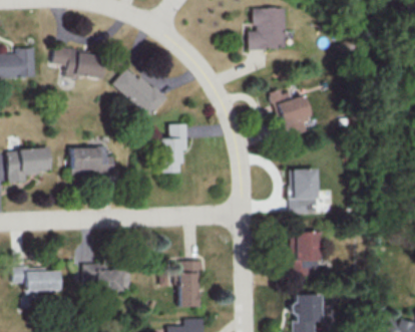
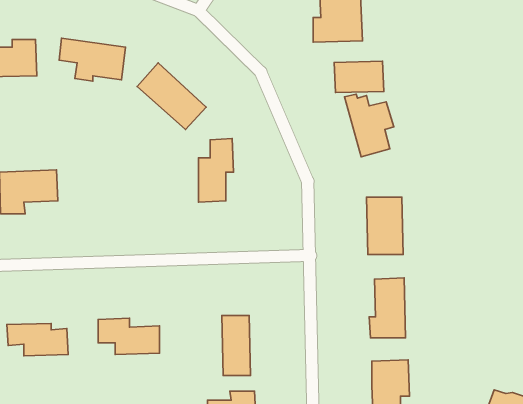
building: none -> [334,61,384,93]
building: [71,145,114,174] -> none

